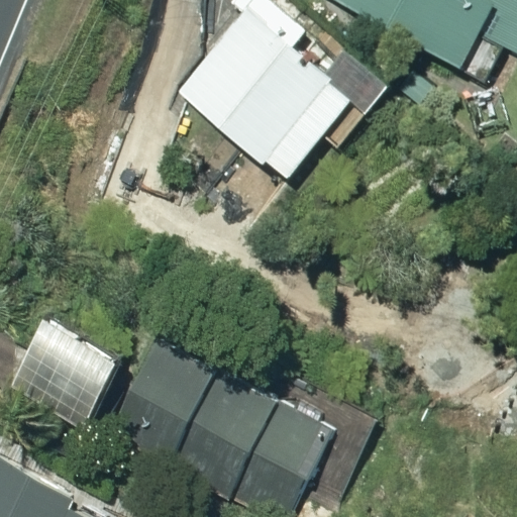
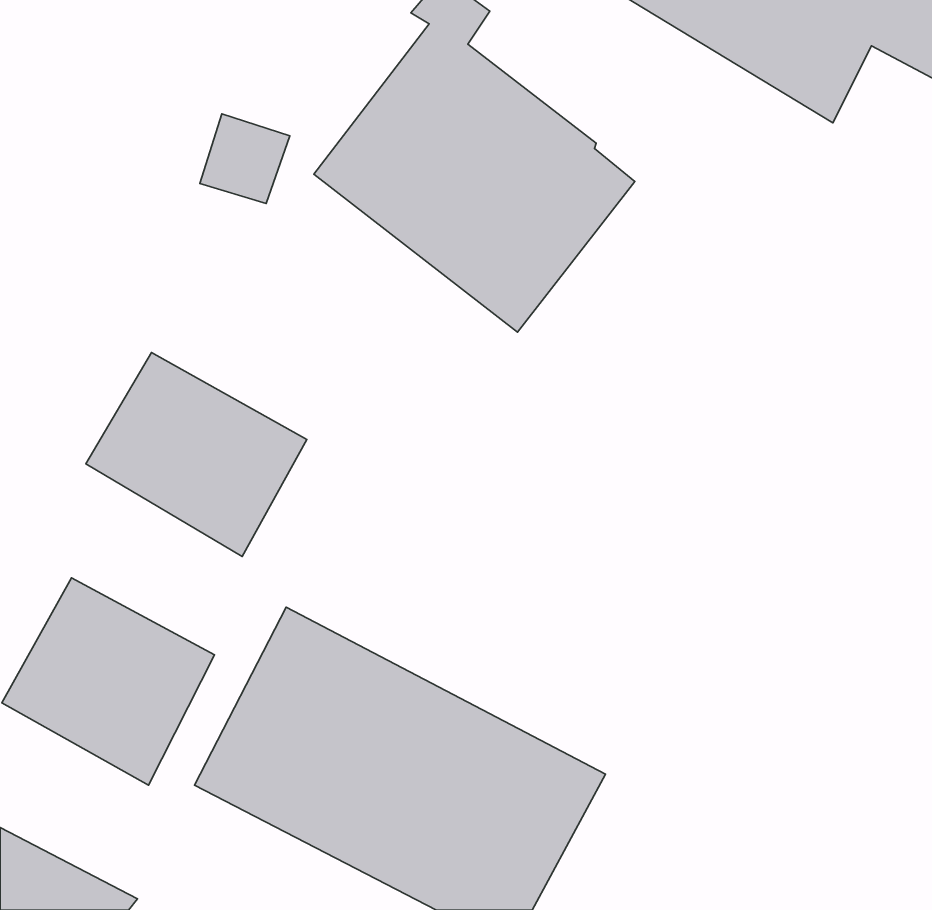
building: none -> [86,353,307,557]

